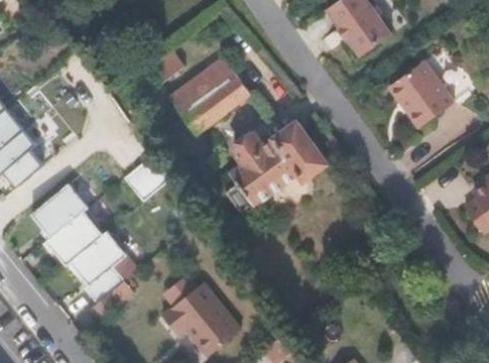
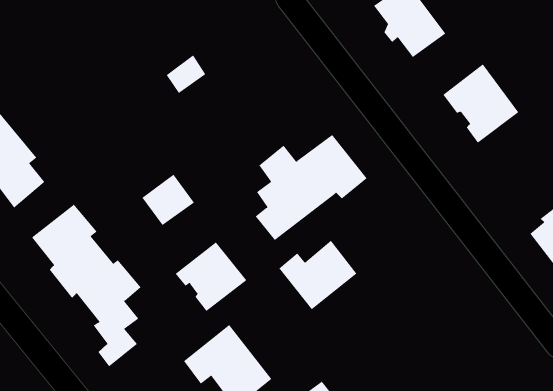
building: [169,57,250,134] -> none
building: none -> [279,240,357,310]
building: none -> [175,241,247,312]

